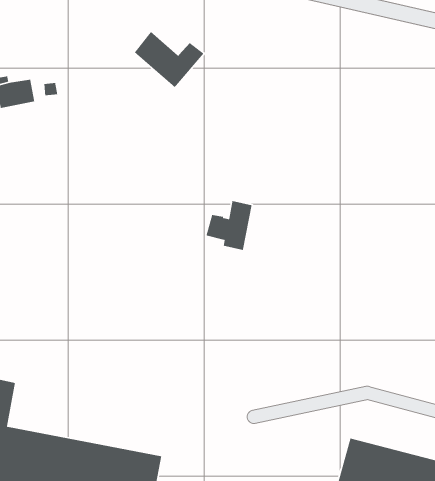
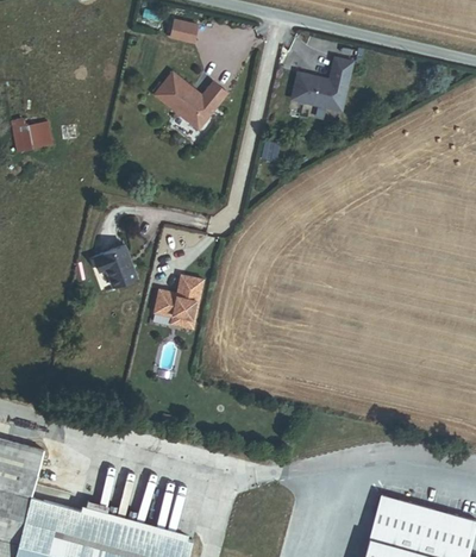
building: none -> [290,61,355,114]
building: none -> [94,249,136,289]
building: [206,200,253,251] -> [152,278,201,331]

